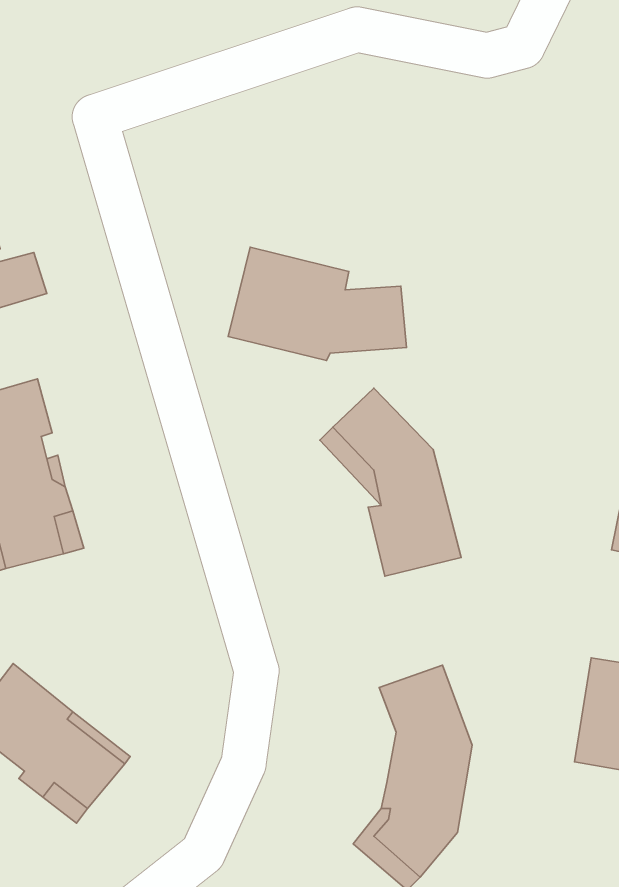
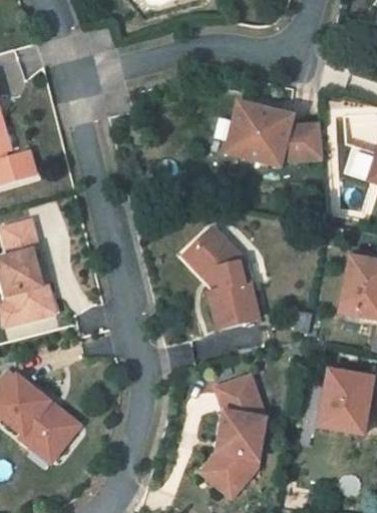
building: [228,247,406,361] -> [226,102,322,163]

